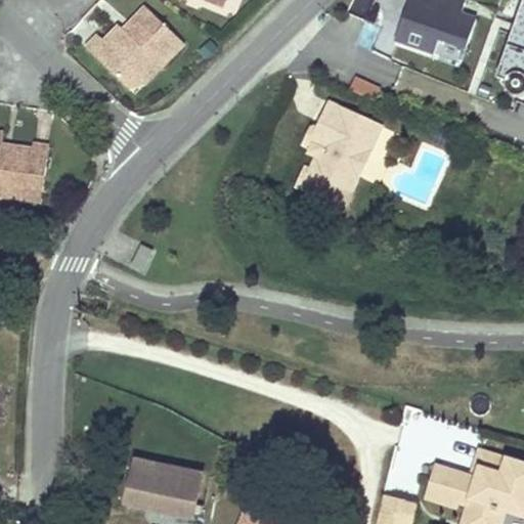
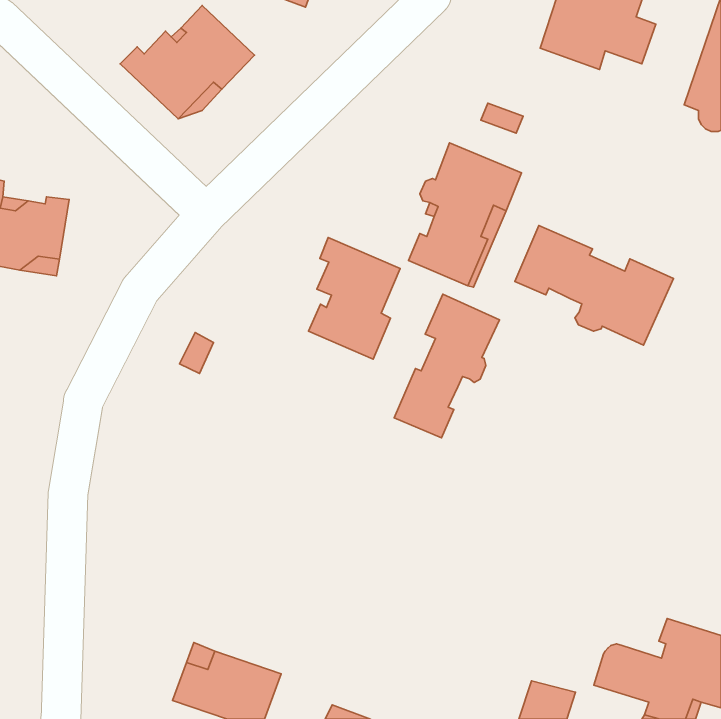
building: none -> [515,226,673,345]
building: none -> [308,237,400,359]
building: none -> [394,294,499,438]

